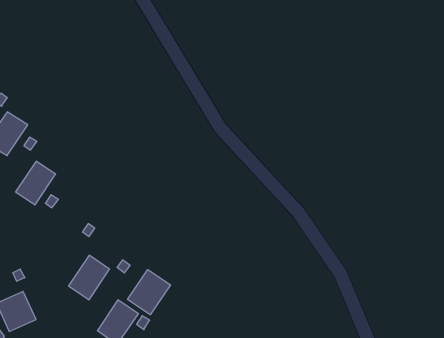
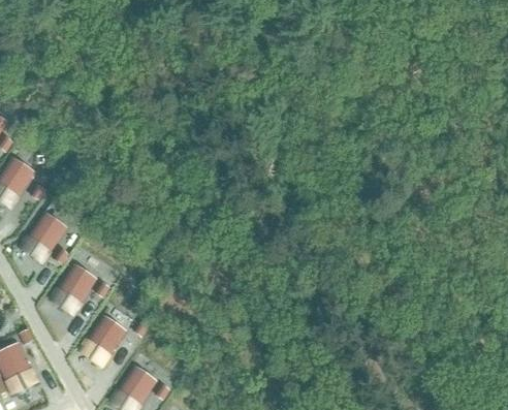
building: none -> [51,262,95,312]
building: [128,270,170,315] -> none

